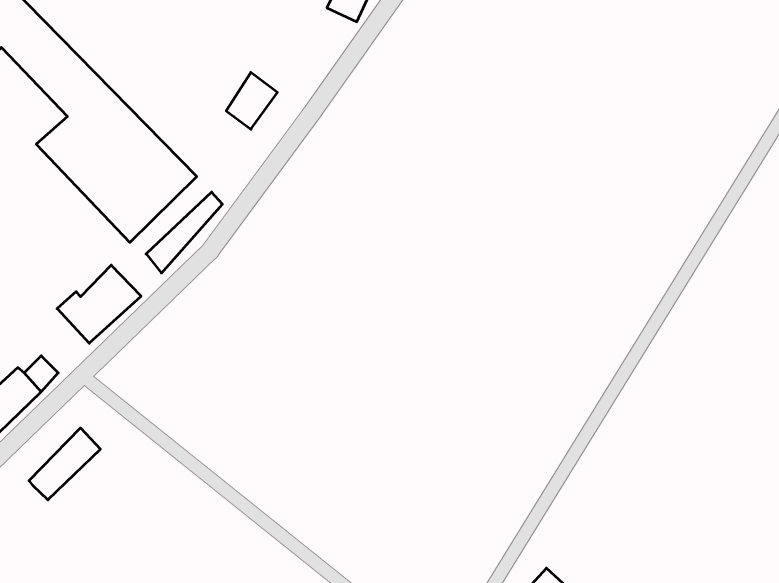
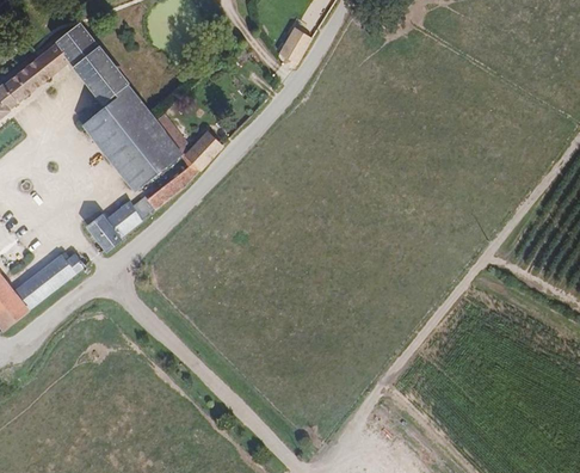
building: [226,72,277,129] -> [190,130,223,166]
building: [29,428,100,500] -> none

